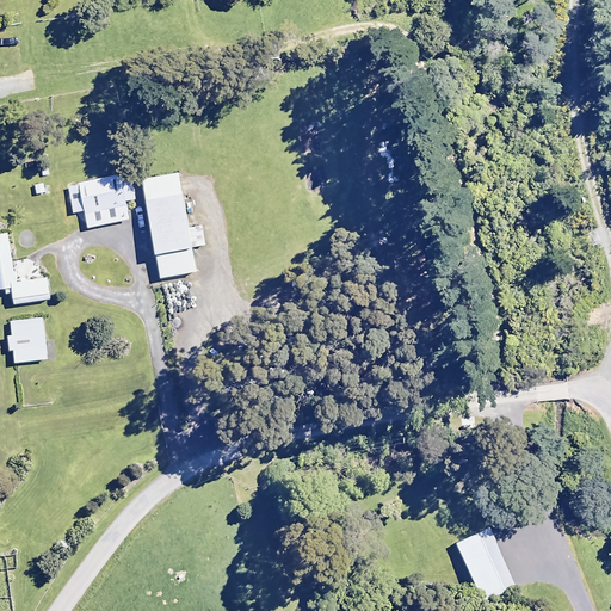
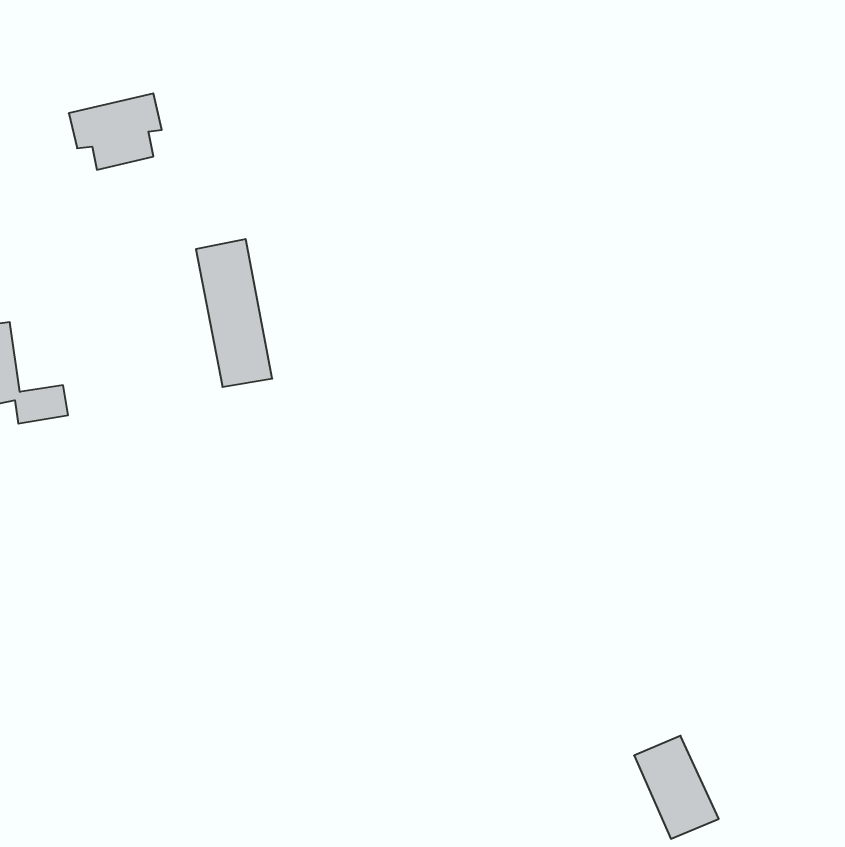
building: [67,173,134,228] -> [69,93,162,170]
building: [10,316,47,363] -> none

